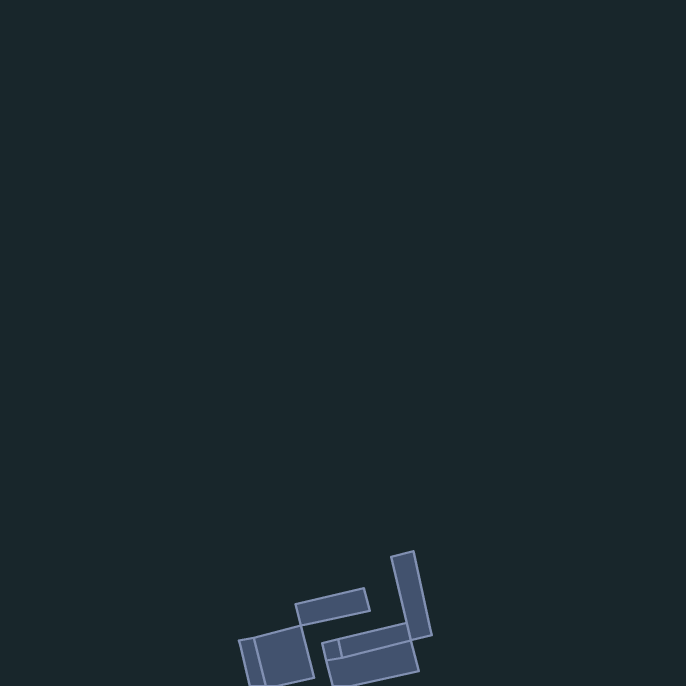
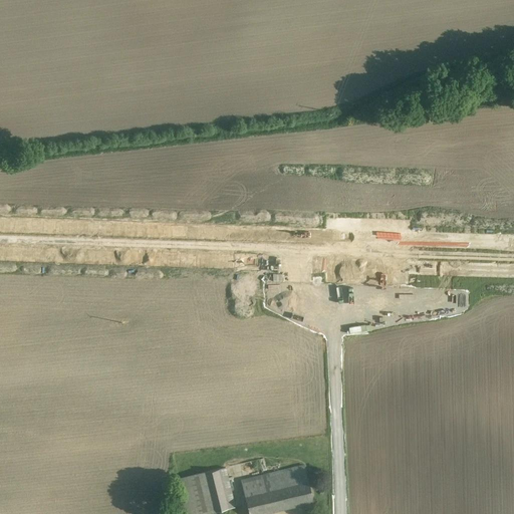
building: [391,551,432,640] -> none
building: [296,588,370,626] -> none

